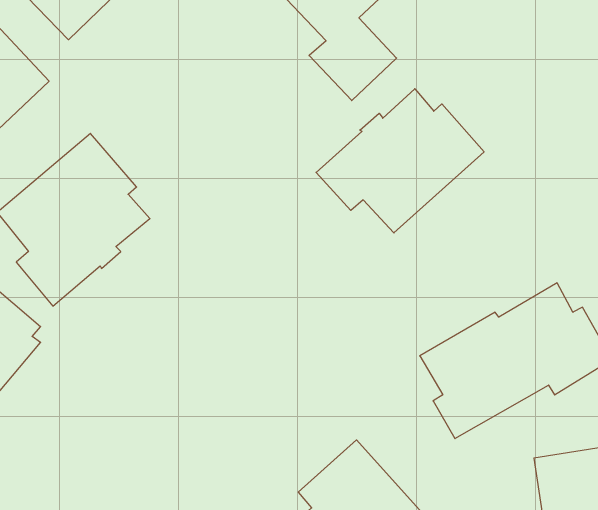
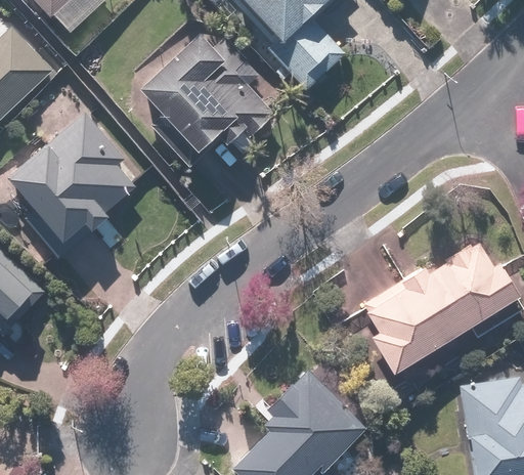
building: none -> [145,32,276,166]
building: [316,89,484,233] -> none

